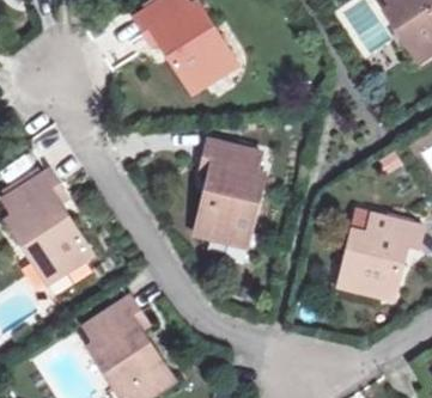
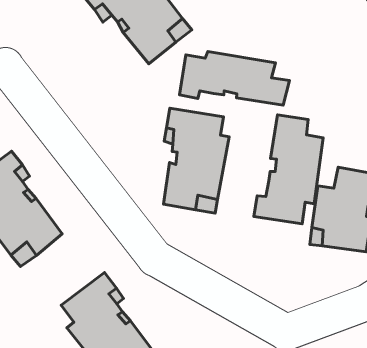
building: none -> [179,51,289,105]
building: none -> [254,115,323,224]

